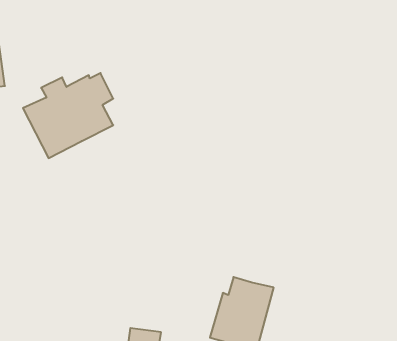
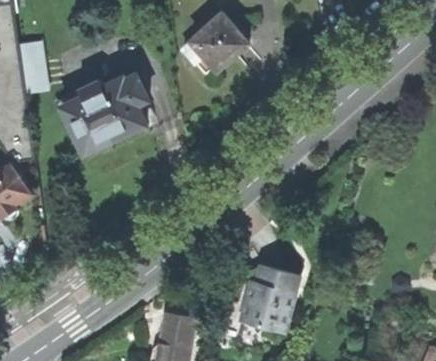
building: none -> [183,14,249,71]

